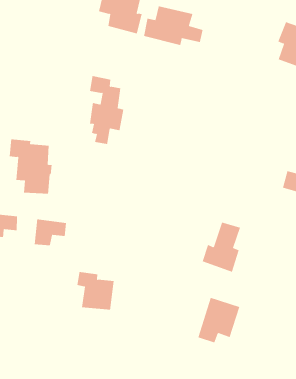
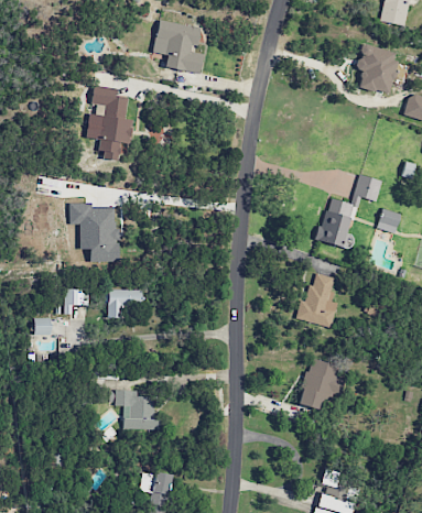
building: [143,5,203,46] -> none
building: [89,76,124,145] -> [91,86,132,161]
building: none -> [316,174,381,249]
building: [76,271,115,310] -> [115,390,156,429]

